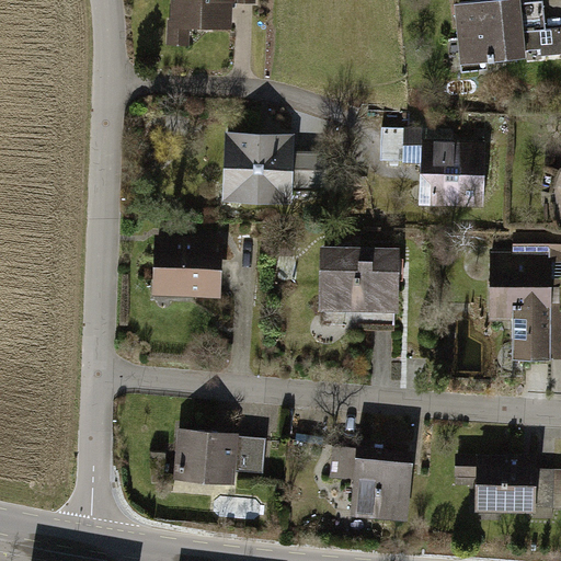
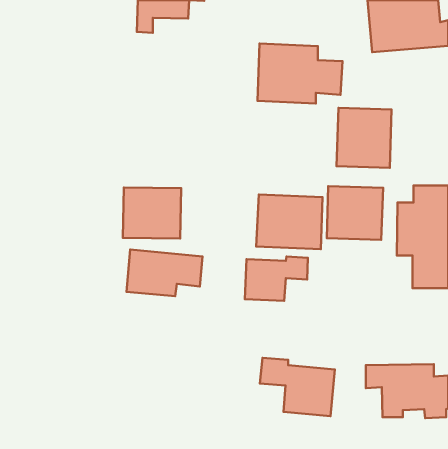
building: [221,131,327,206] -> [258,43,342,104]
building: none -> [327,186,383,240]
building: none -> [245,256,308,301]
building: [172,428,266,486] -> [127,249,203,296]

